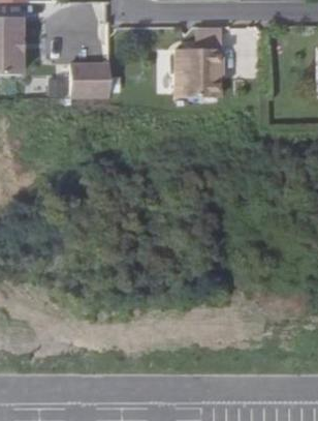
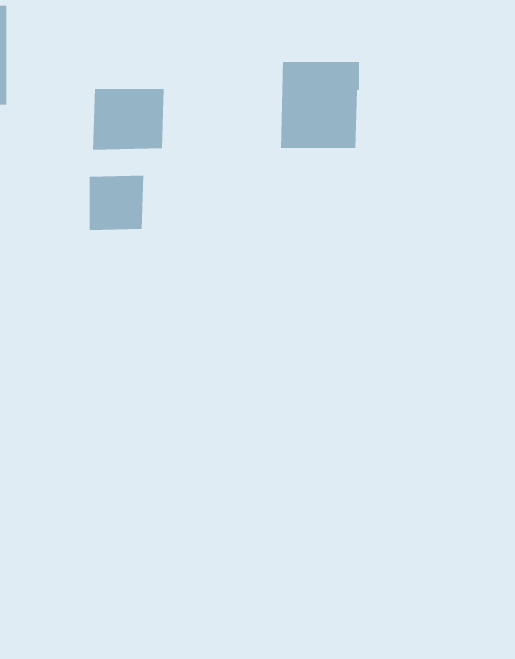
building: none -> [89,175,144,231]

